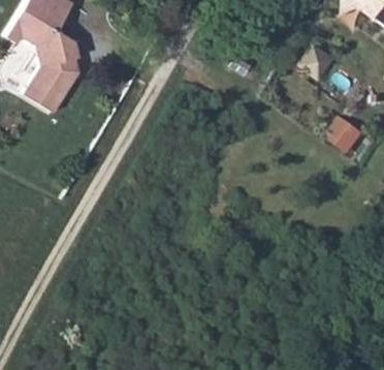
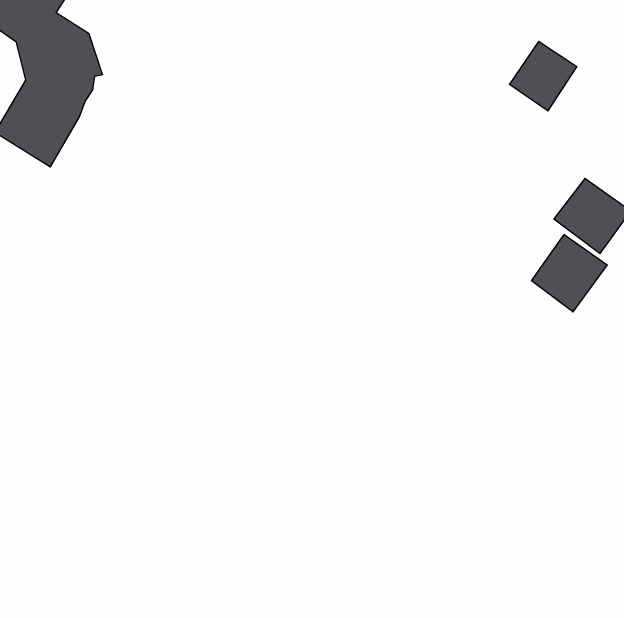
building: none -> [532,235,607,312]

